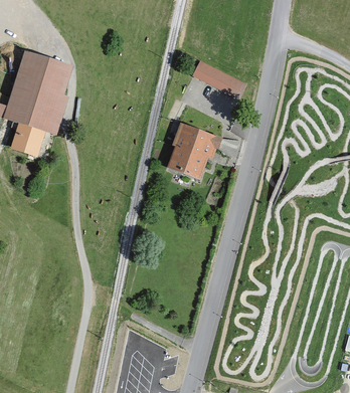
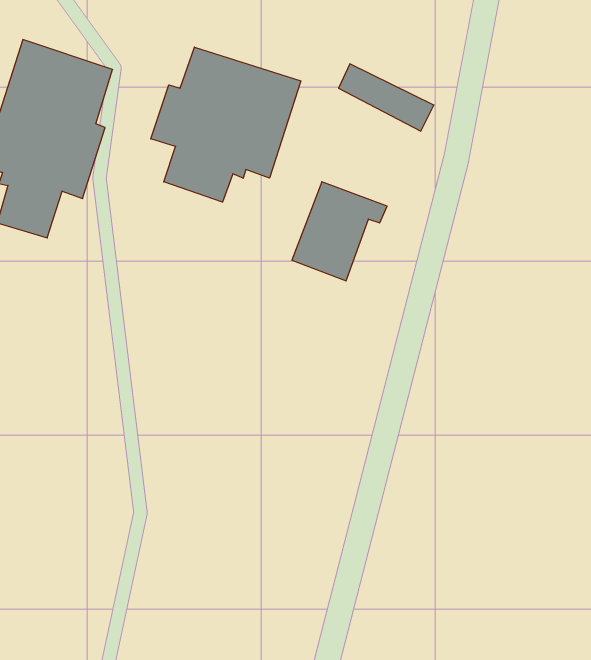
building: none -> [151,47,301,202]

